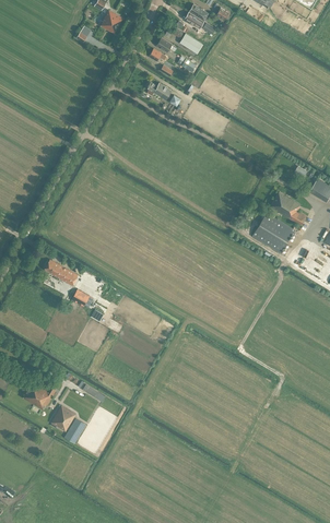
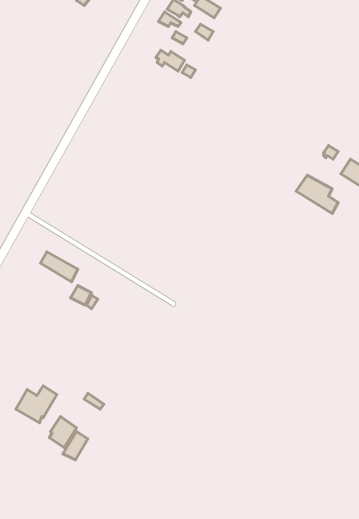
building: [251,212,294,253] -> none

